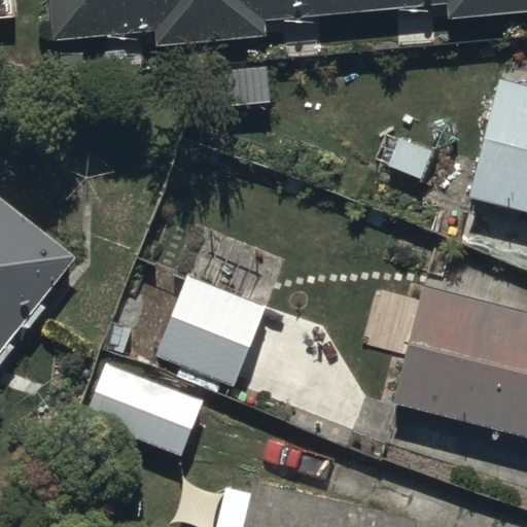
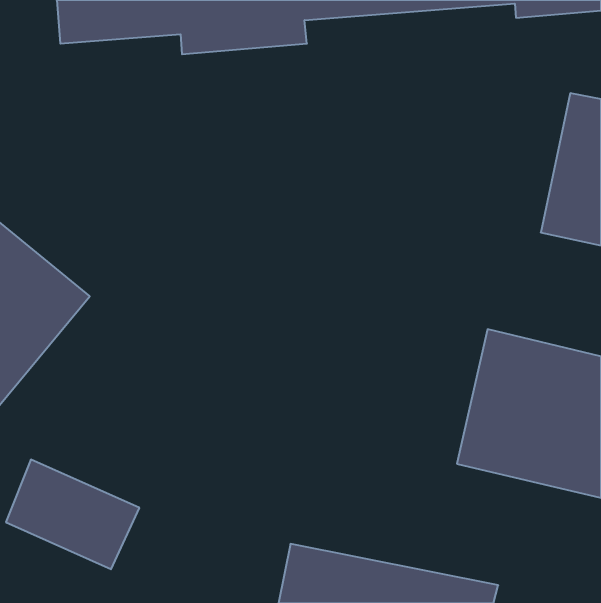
building: [155,277,269,386] -> none
building: [86,362,203,458] -> [6,460,139,569]

